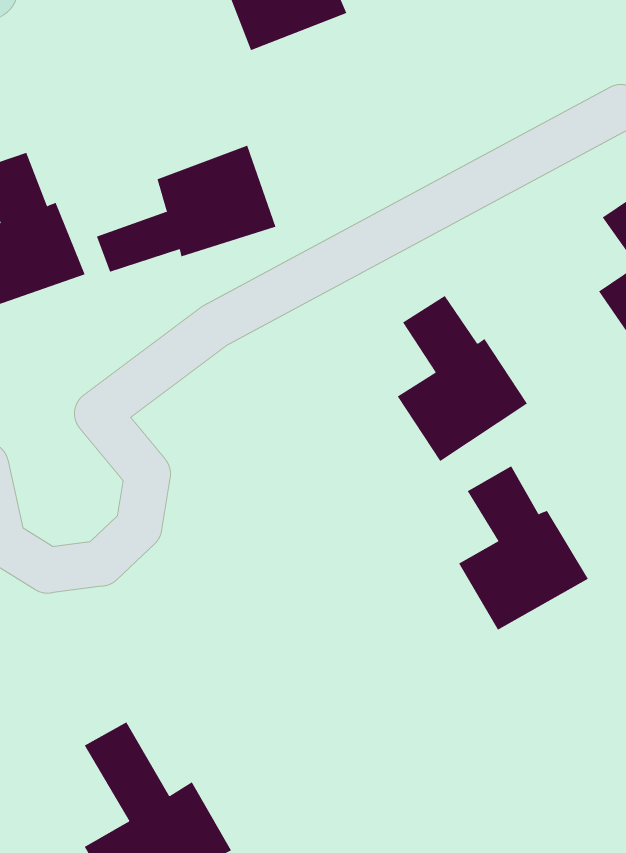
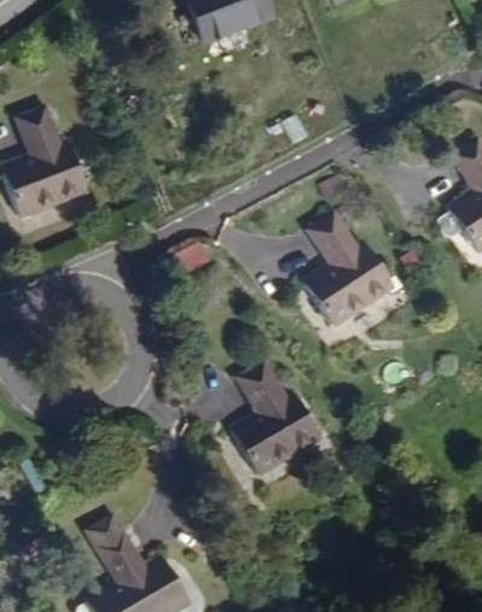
building: [96,145,276,273] -> none
building: [458,465,589,631] -> [230,361,321,477]

